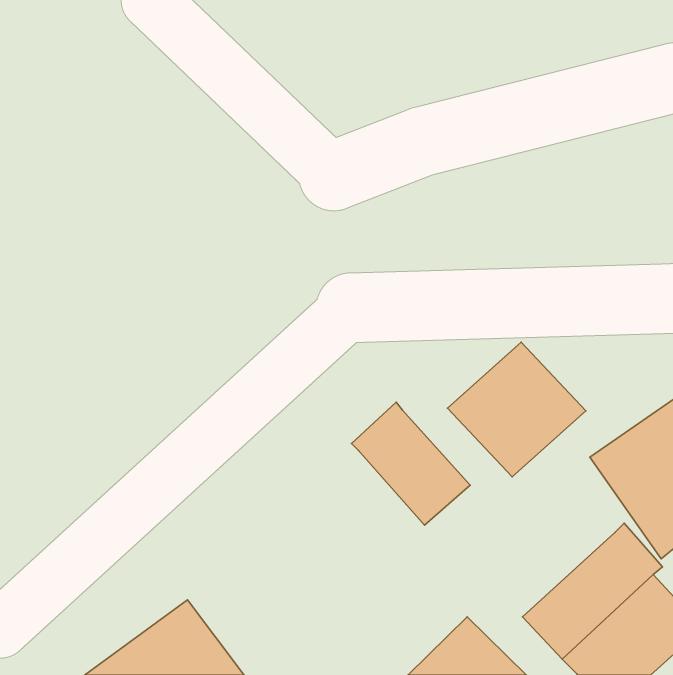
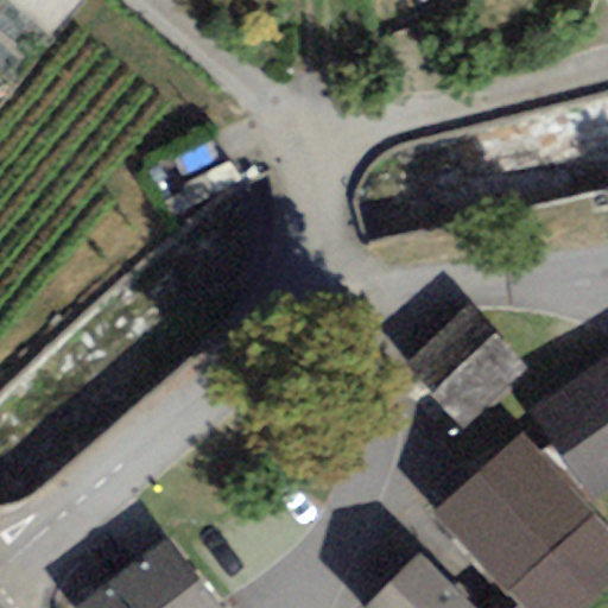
building: [352,402,470,525] -> none
building: none -> [435,431,563,555]

